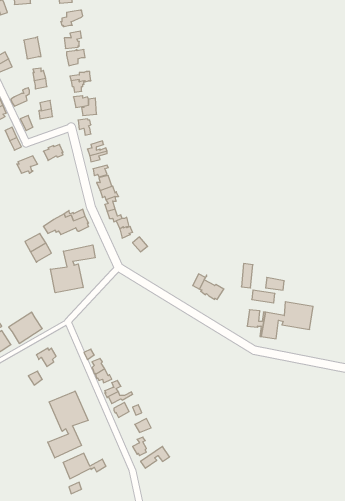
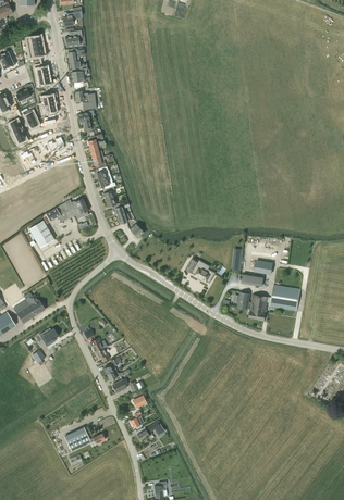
building: [50,245,95,293] -> none
building: [48,391,88,458] -> none

